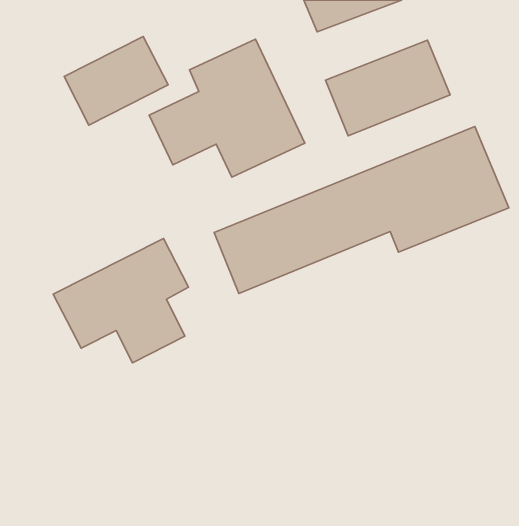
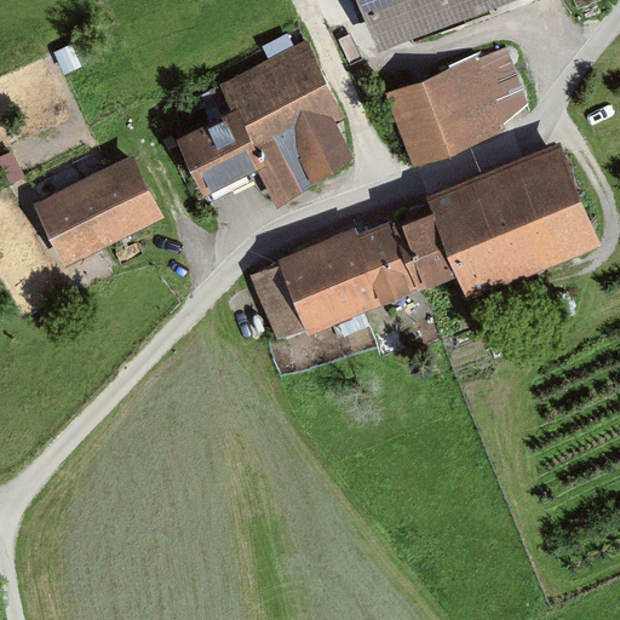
building: [64,36,168,125] -> [36,157,159,262]
building: [53,238,189,363] -> none

